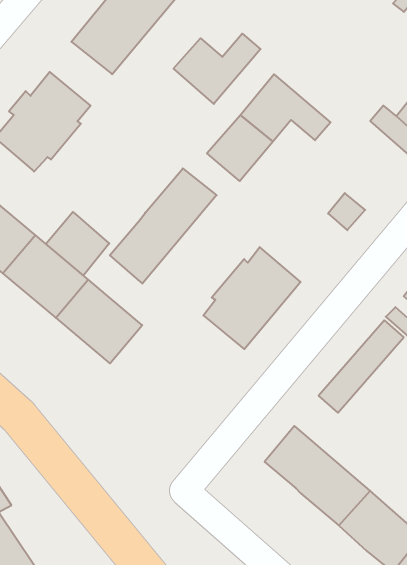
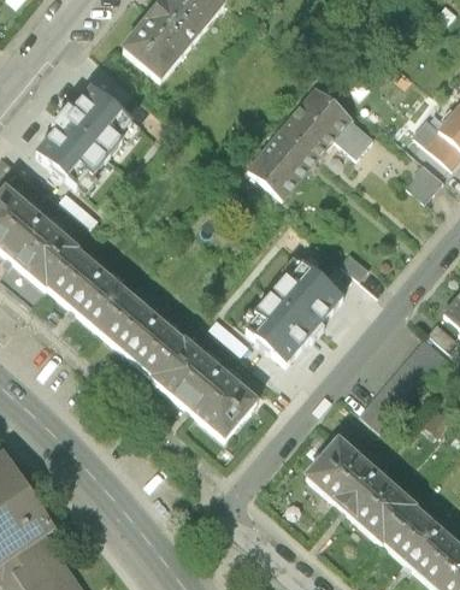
building: [174,34,261,104] -> none
building: [110,168,217,284] -> none
building: [328,193,365,230] -> [407,160,444,197]
building: [46,212,109,276] -> none
building: none -> [152,337,255,437]

